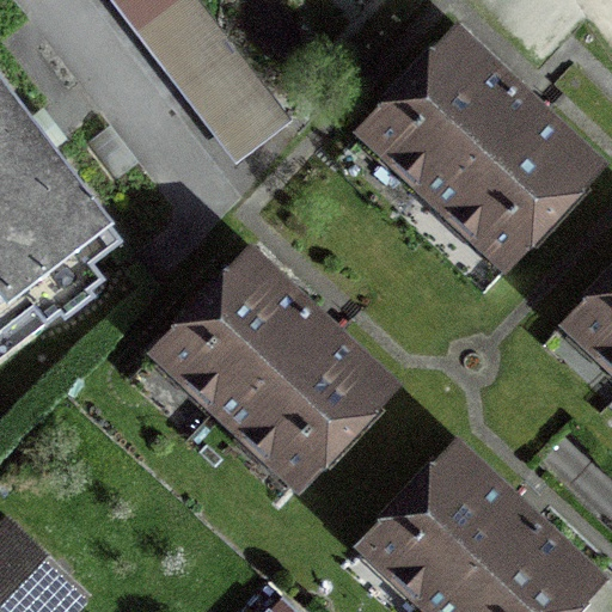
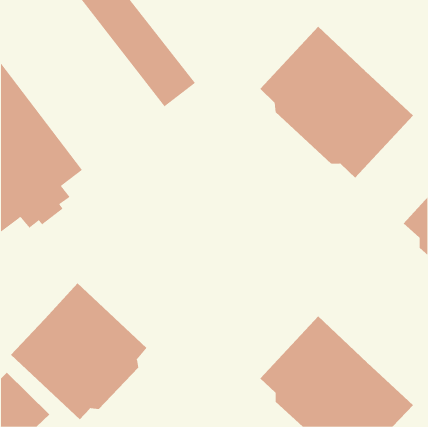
building: [164,258,384,476] -> none
building: none -> [10,282,147,420]

